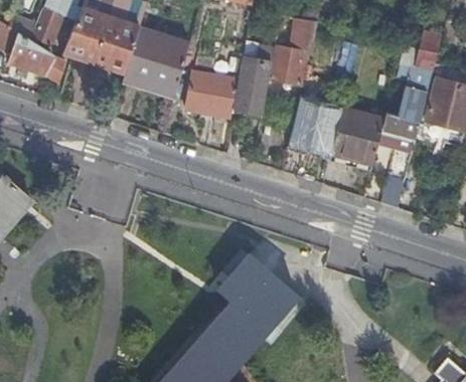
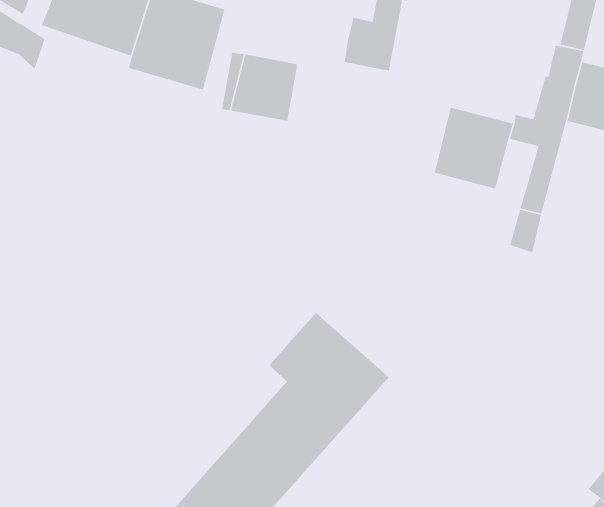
building: [234,58,271,108] -> none
building: [289,98,341,154] -> none

